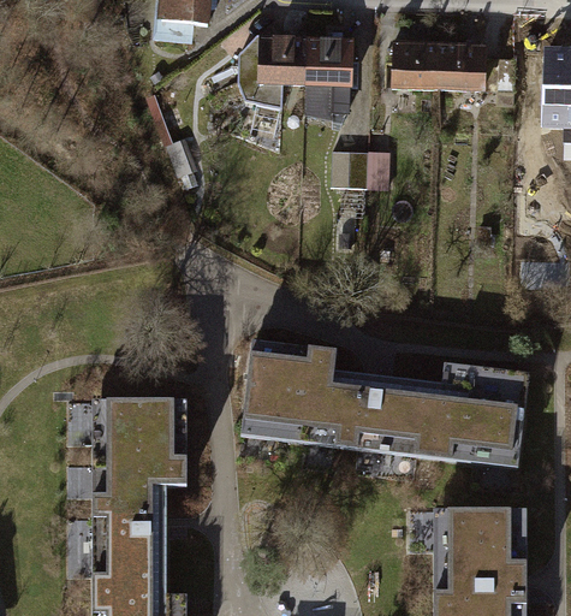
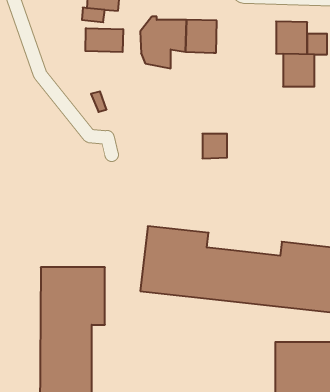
building: [392,41,438,89] -> [283,54,314,87]
building: none -> [85,28,123,52]
building: [305,87,346,124] -> none
building: [332,154,368,190] -> [202,134,227,158]

